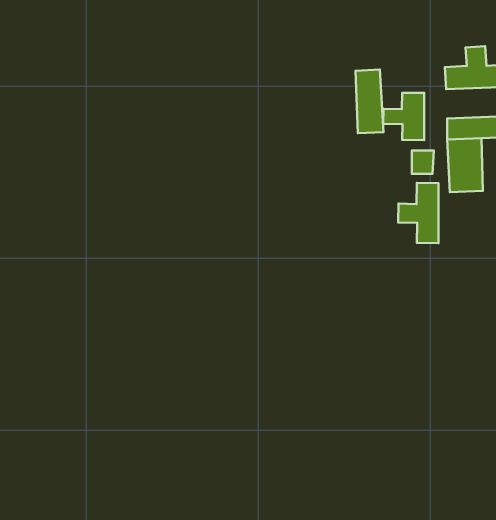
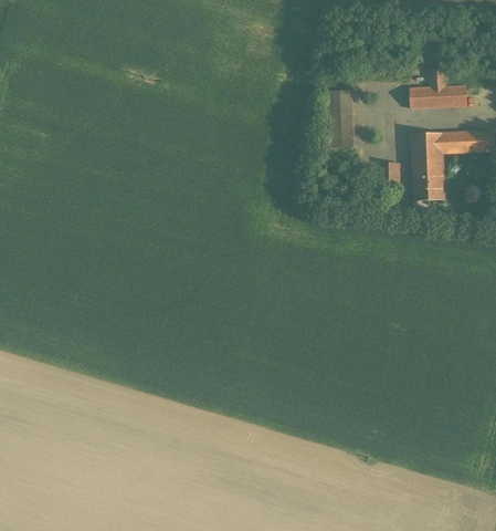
building: [383,93,424,140] -> none
building: [398,183,438,243] -> none

